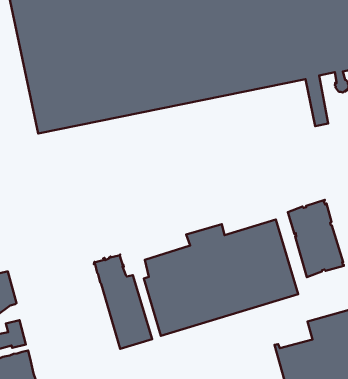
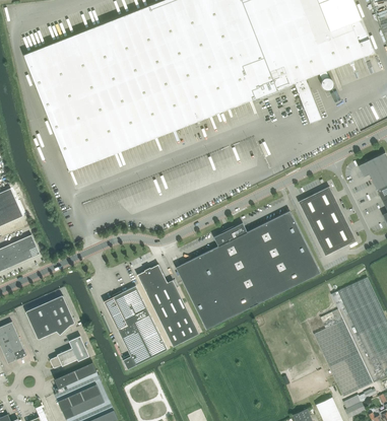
building: none -> [104,285,168,369]

